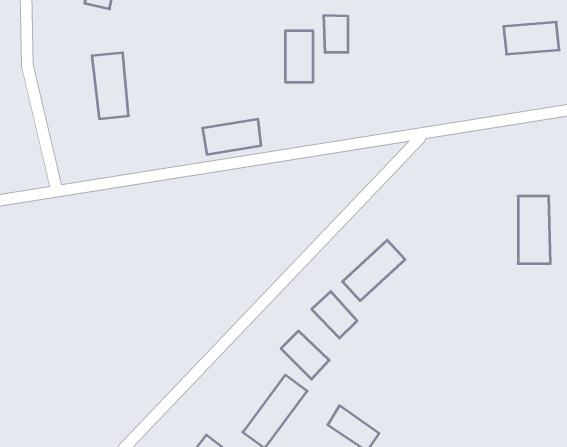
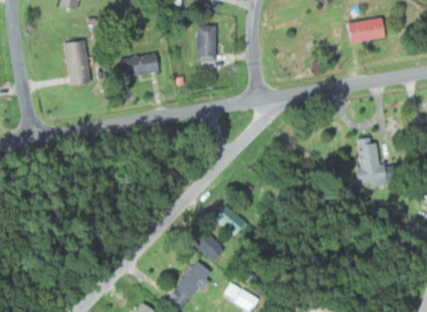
building: [324,15,348,53] -> none
building: [202,119,261,154] -> [118,53,158,77]
building: [342,240,405,301] -> none

